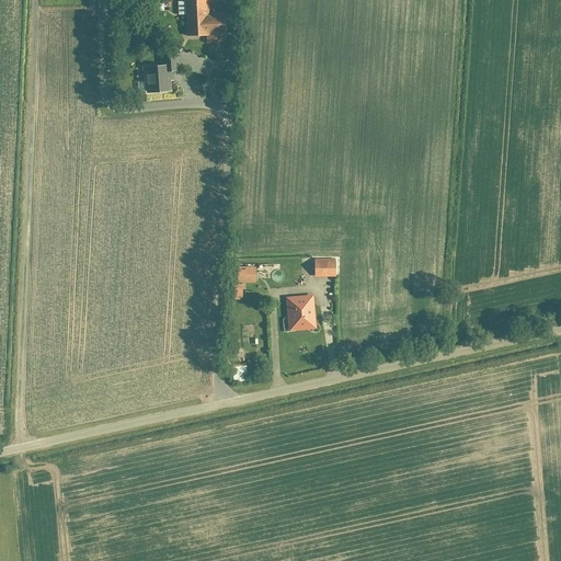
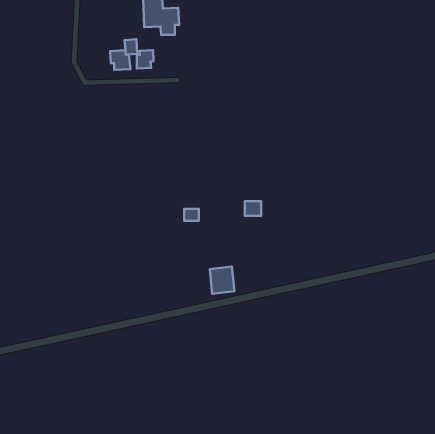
building: none -> [137,50,154,69]
building: [284,295,316,330] -> [210,267,234,294]

